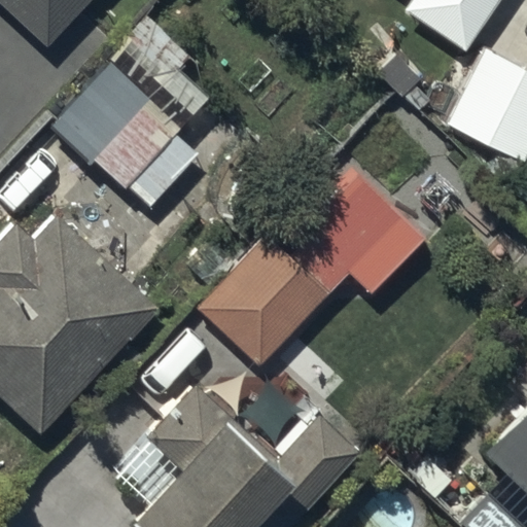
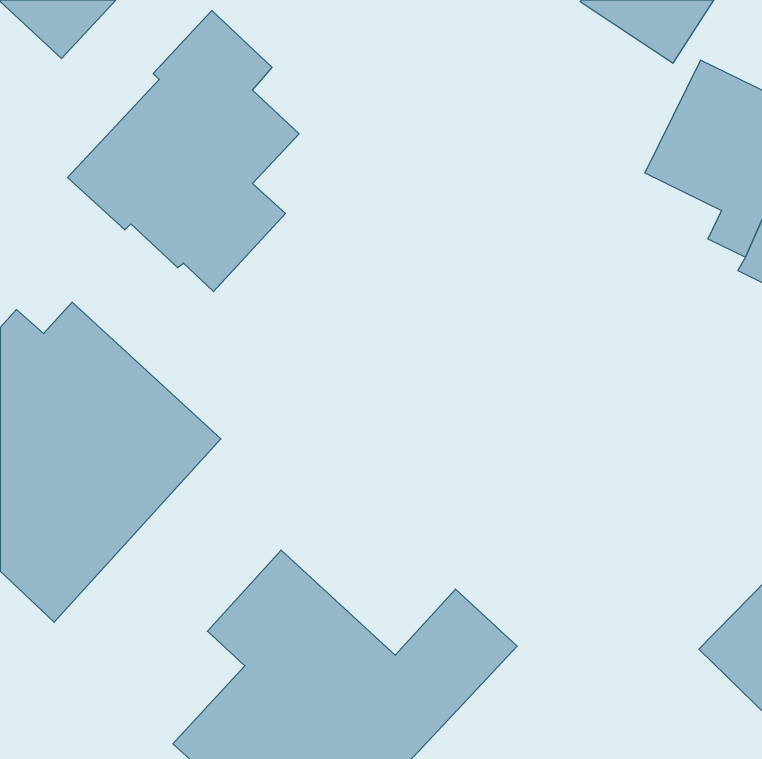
building: [203,170,427,361] -> none

